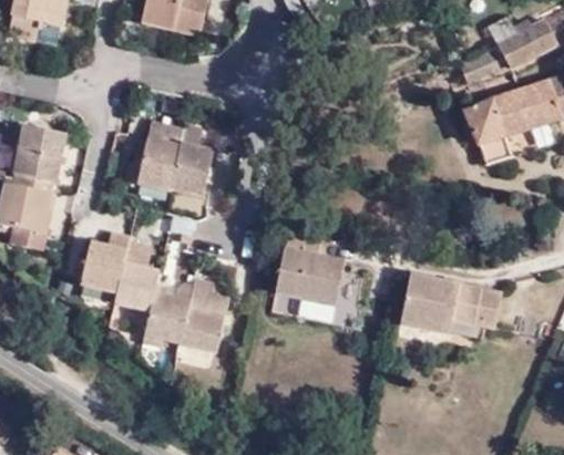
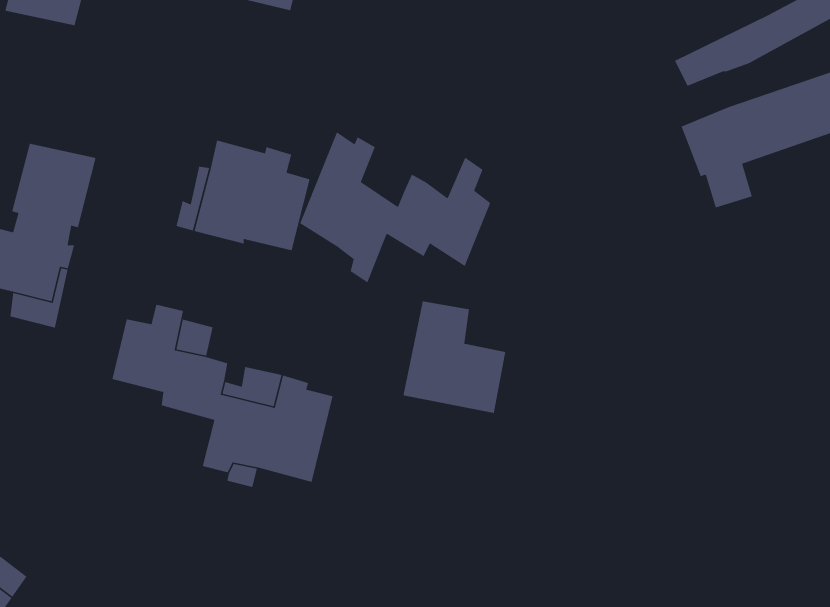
building: none -> [299,131,491,284]
building: [401,276,503,335] -> none

